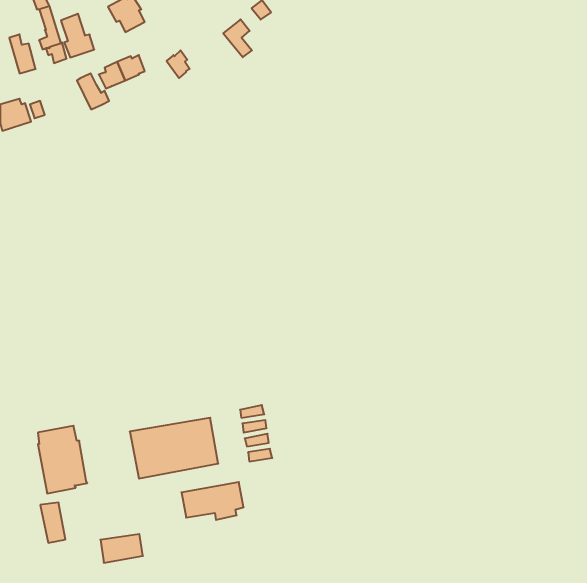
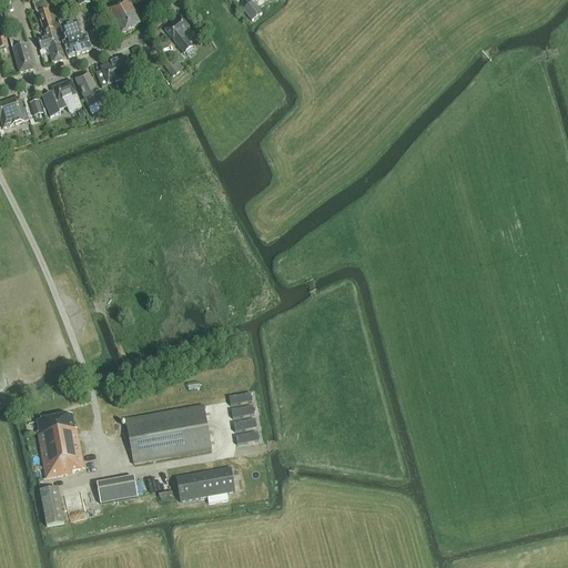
building: [223,19,252,57] -> [164,14,192,51]
building: none -> [41,79,81,115]
building: [100,534,143,563] -> [97,475,138,503]

